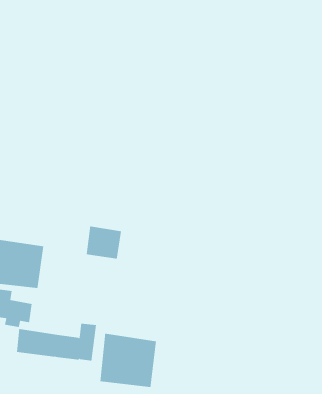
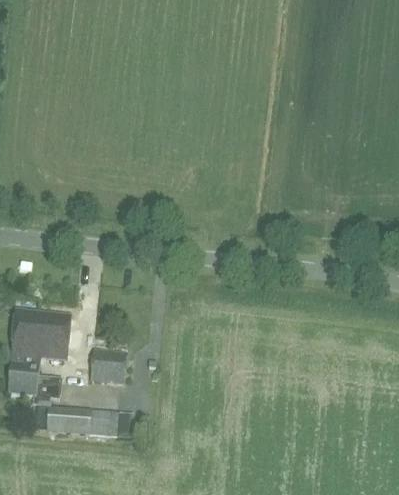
building: [86,226,122,259] -> [89,347,127,382]
building: [100,333,156,388] -> none

